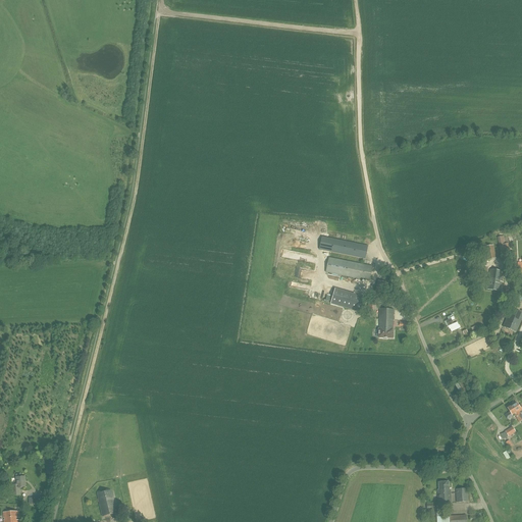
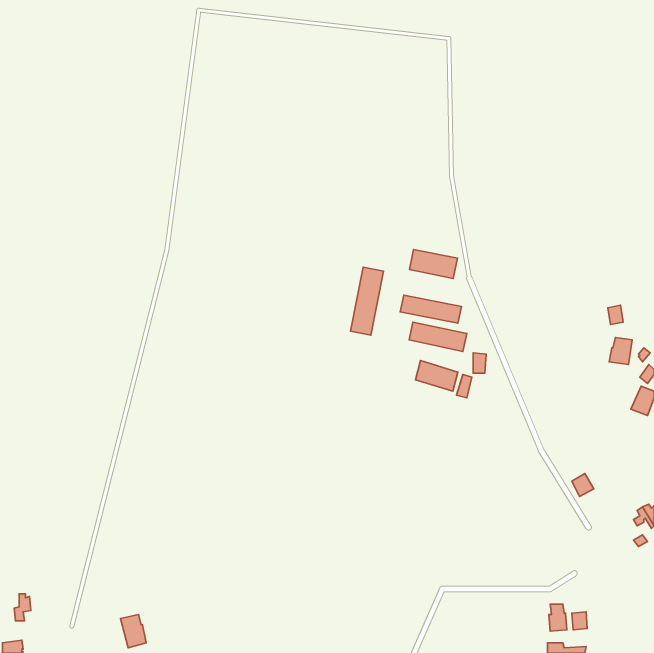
building: none -> [409,249,457,278]
building: none -> [350,267,384,335]
building: [376,307,394,336] -> none

